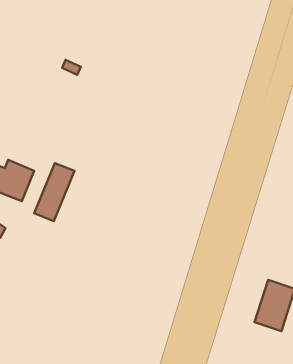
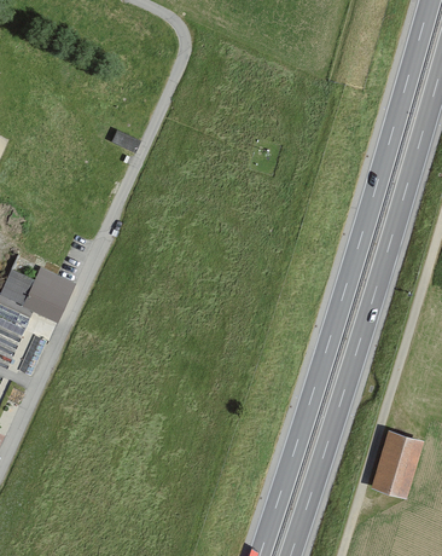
building: [34,163,75,221] -> none

